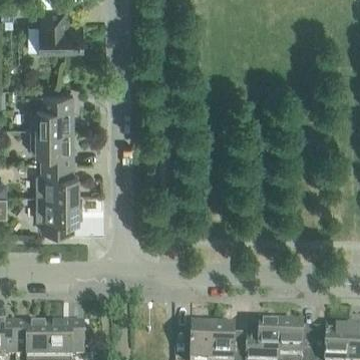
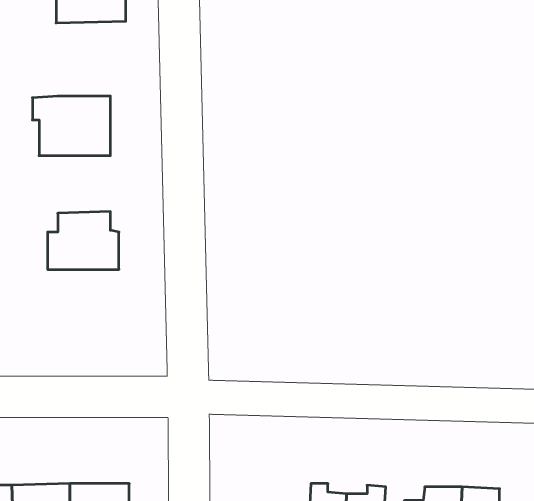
building: [31,127,73,161] -> none
building: [36,195,82,230] -> none

